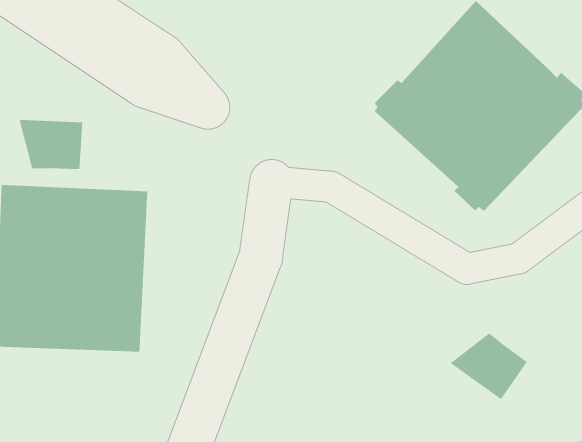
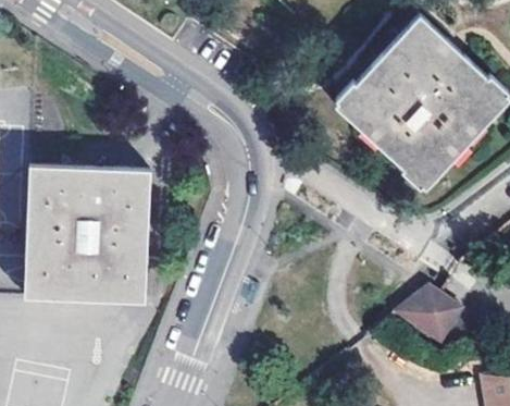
building: [19,119,83,170] -> none

